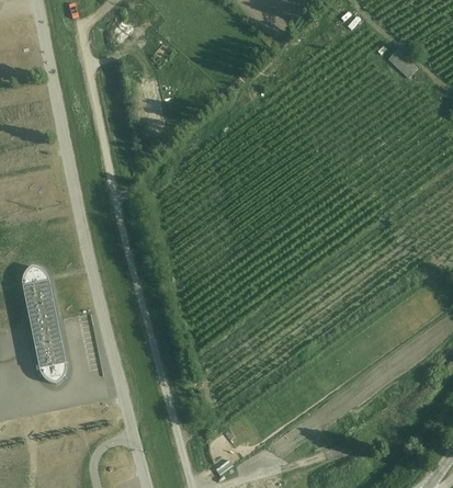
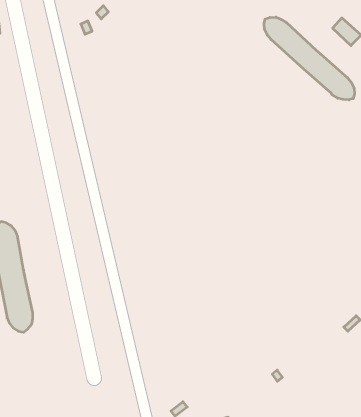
building: none -> [264,17,355,100]

